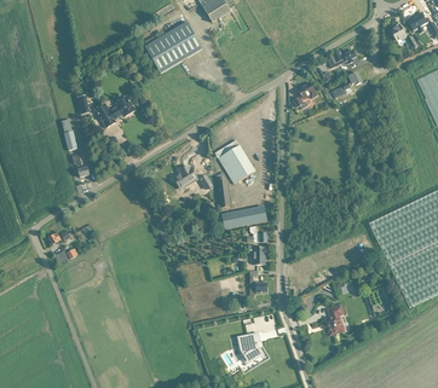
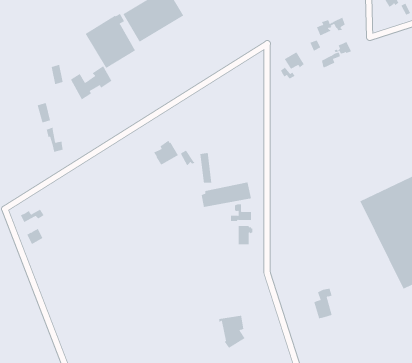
building: none -> [85,13,136,69]
building: [215,139,255,183] -> none

